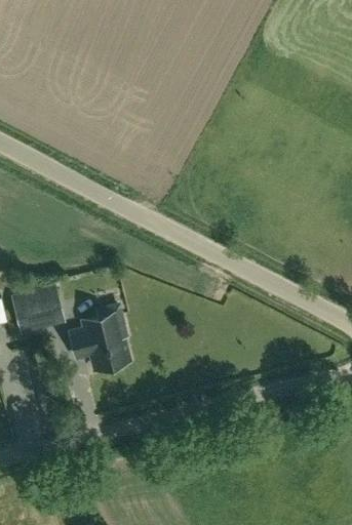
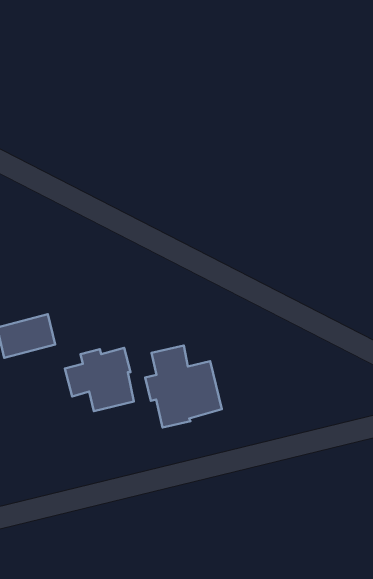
building: none -> [145,346,222,428]

